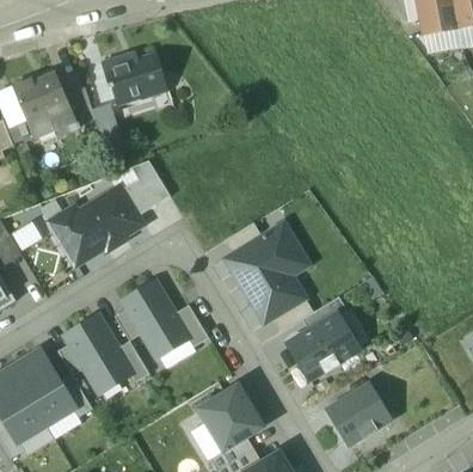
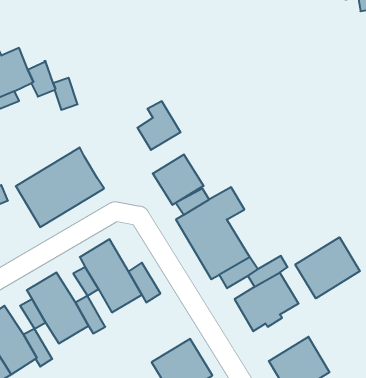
building: [102,53,166,103] -> none
building: [125,160,172,213] -> [137,101,181,150]
building: none -> [153,154,204,205]
building: none -> [295,237,360,298]

